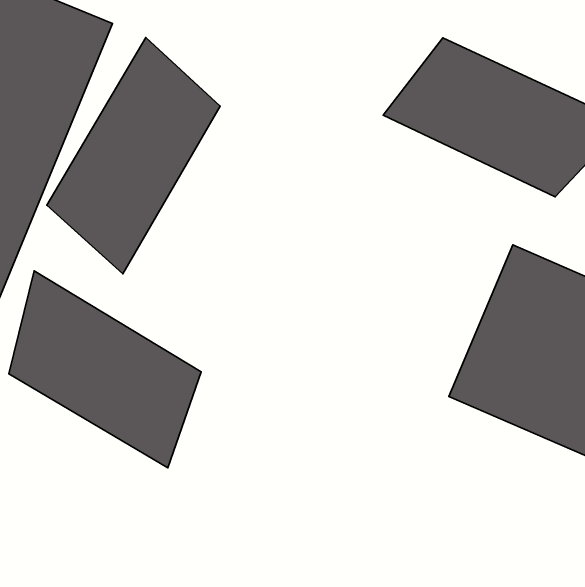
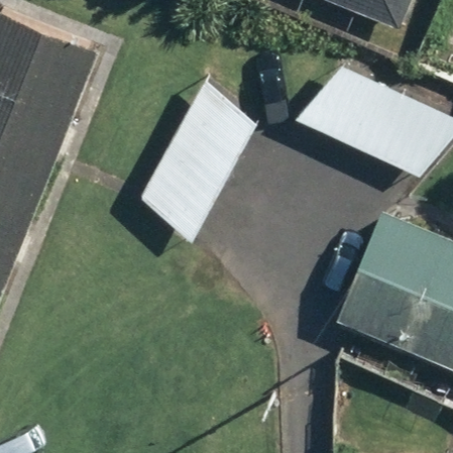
building: [47,38,220,274] -> [136,81,256,244]
building: [9,271,201,468] -> none

